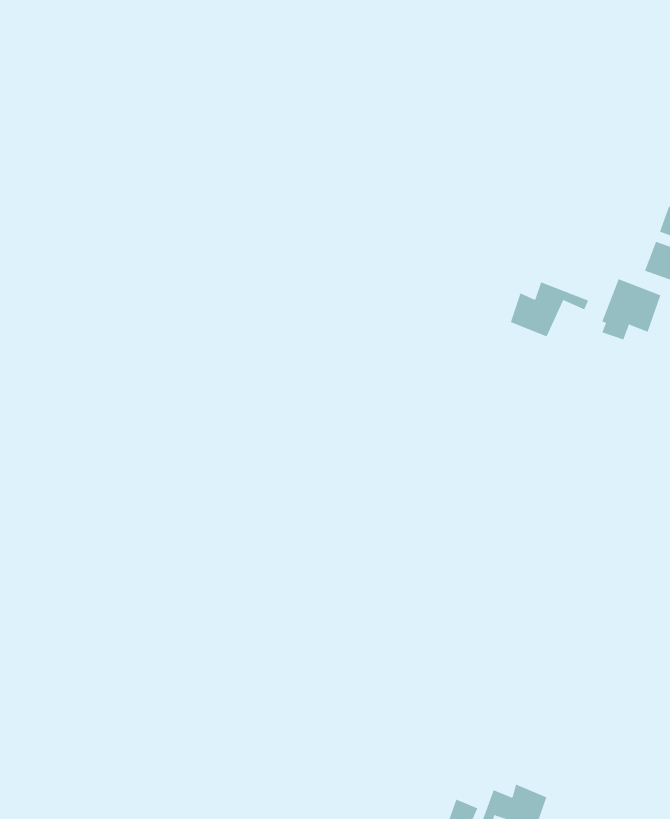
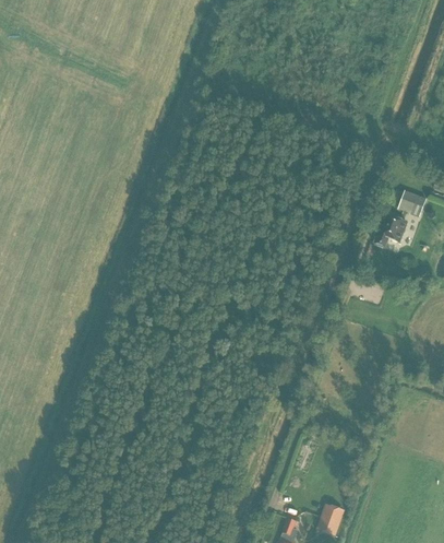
building: [510,281,589,337] -> none

